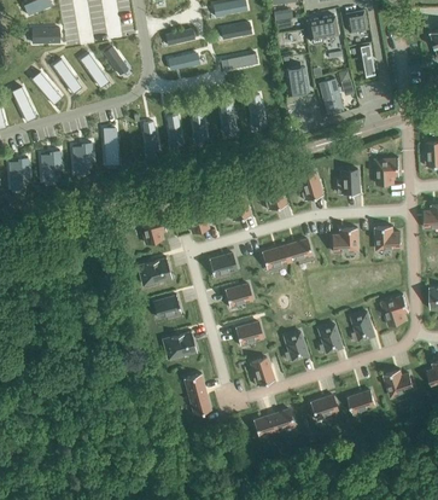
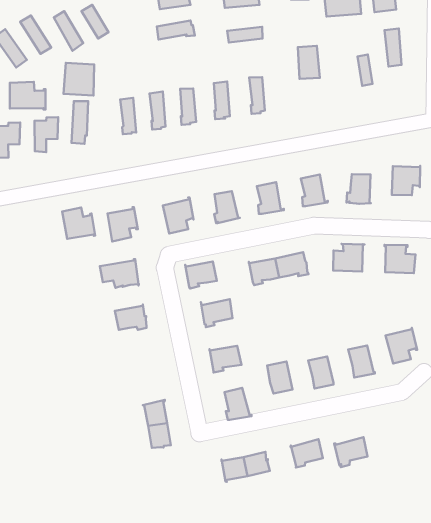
building: [316,77,343,114] -> none
building: none -> [63,63,94,95]
building: none -> [10,82,46,109]
building: none -> [62,207,95,239]
building: [163,330,197,355] -> none
building: [382,368,414,396] -> none

